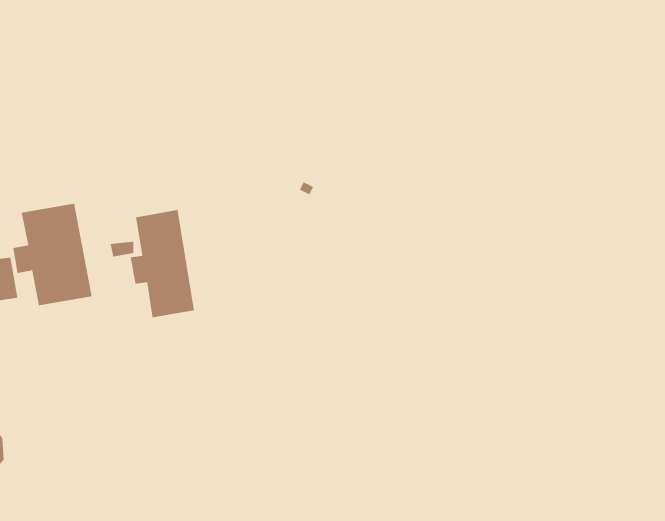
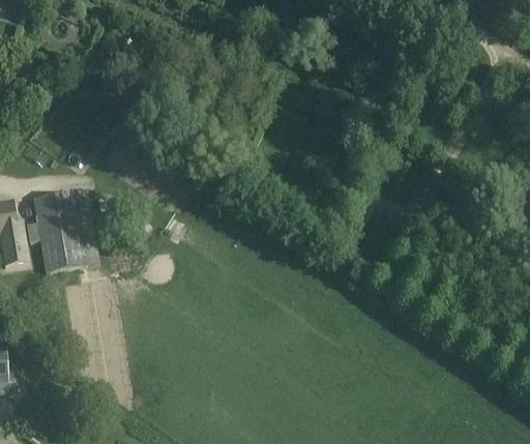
building: [130,209,194,318] -> none

